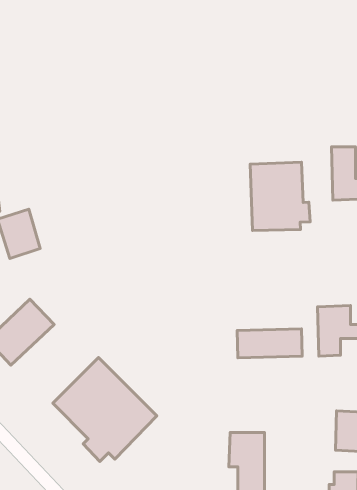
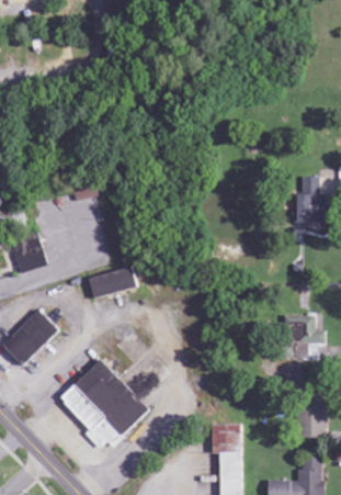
building: [250,162,310,230] -> none
building: none -> [88,265,136,299]
building: [237,329,302,358] -> none

